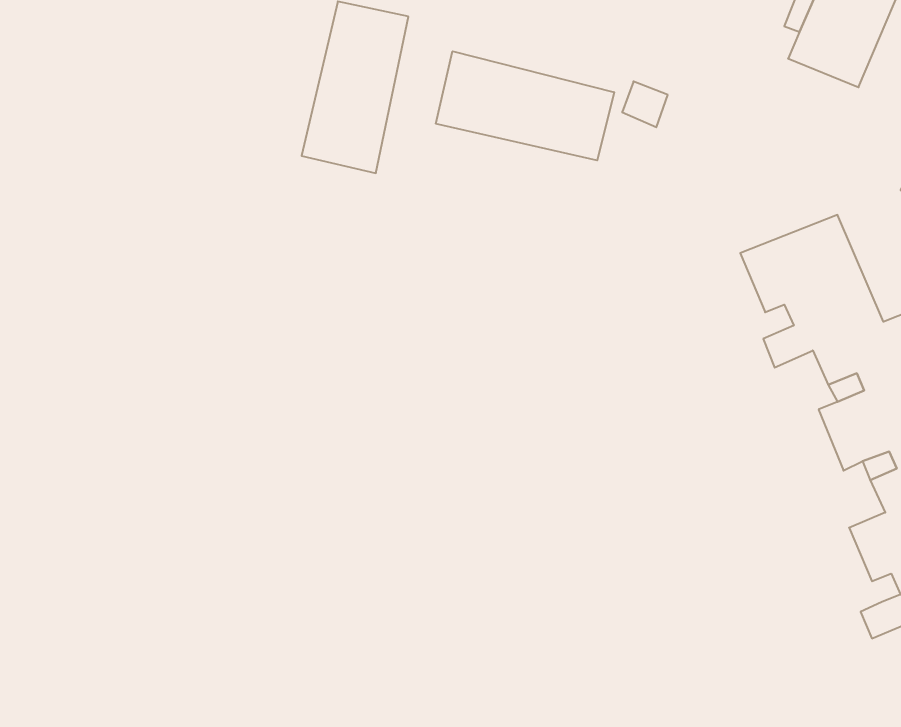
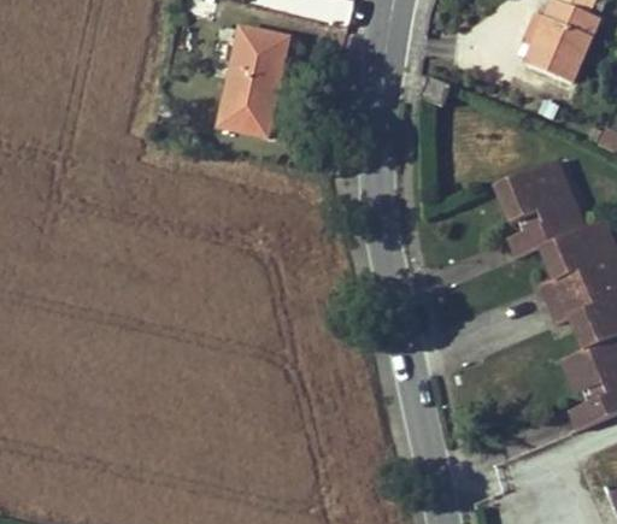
building: [436,51,614,160] -> none

